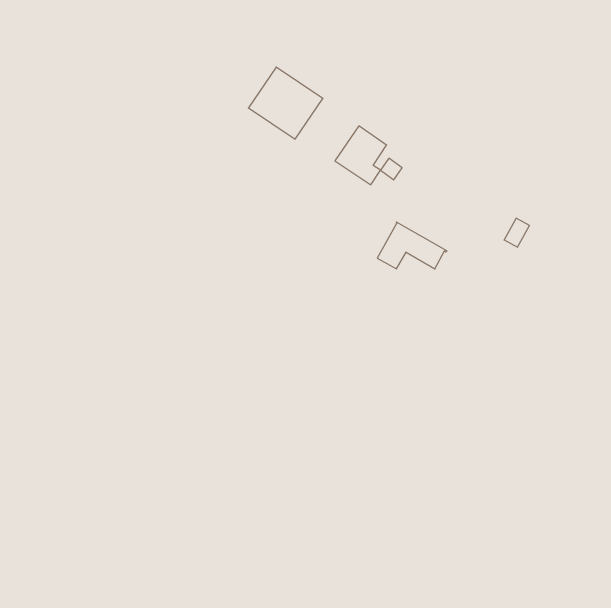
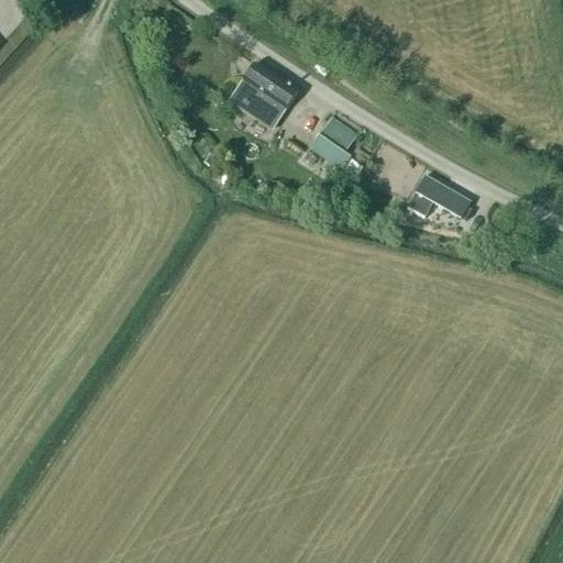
building: [377,222,447,269] -> [408,175,472,218]

